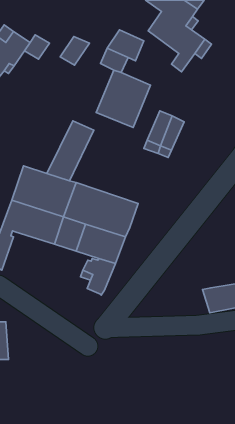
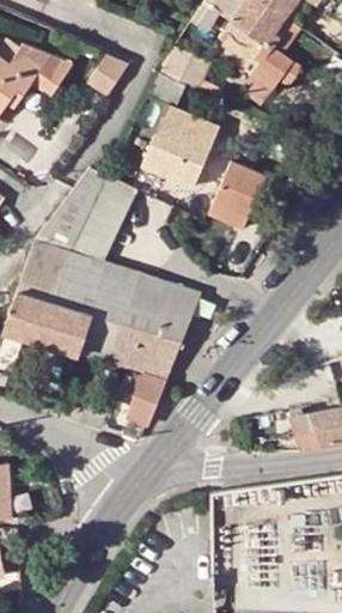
building: none -> [36,168,106,251]

